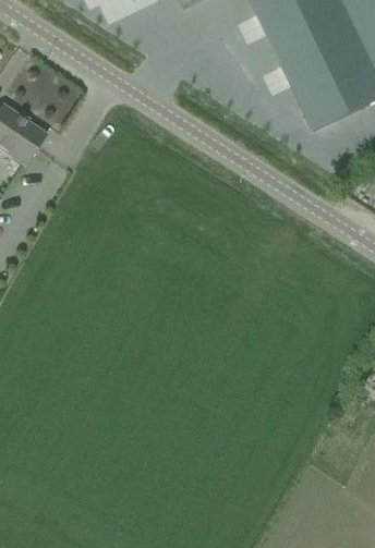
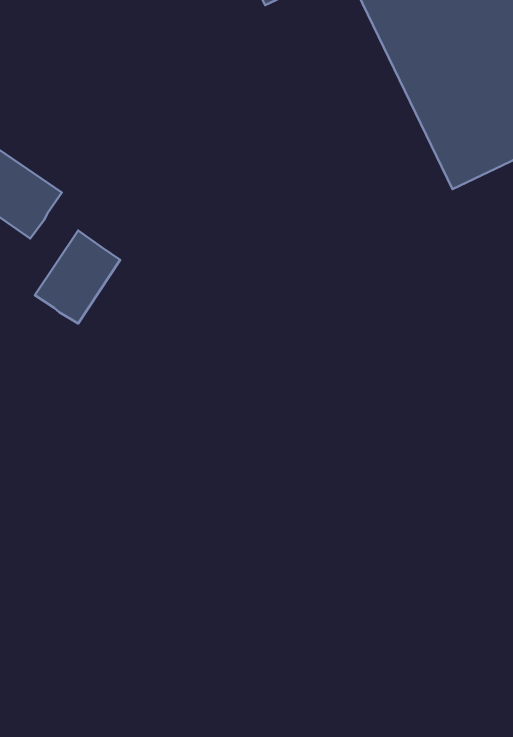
building: none -> [35,231,120,324]

